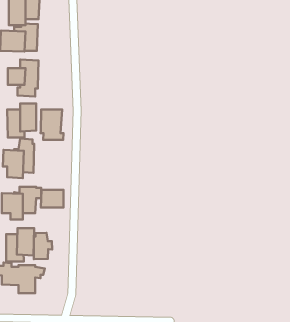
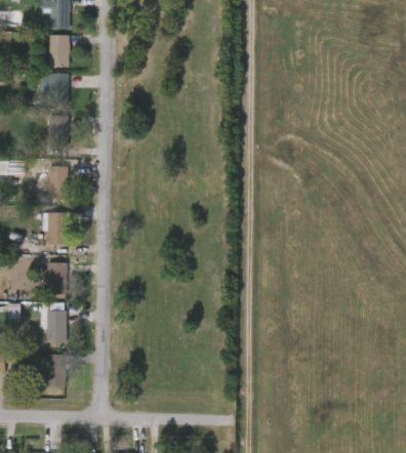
building: [41,110,64,140] -> none
building: [41,190,64,207] -> none
building: [34,233,52,259] -> none

